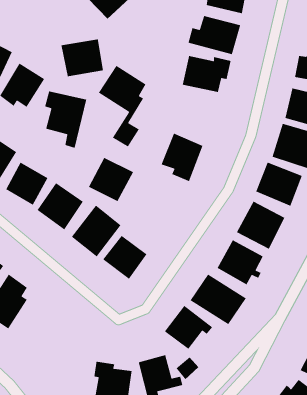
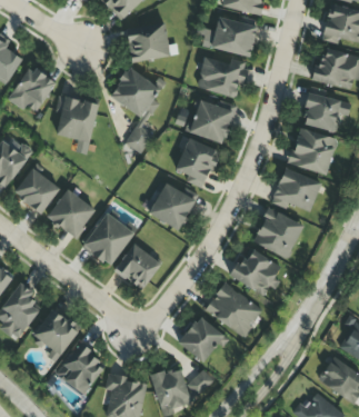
building: [61,39,104,77] -> [126,22,170,62]
building: none -> [187,99,235,143]
building: [88,157,134,202] -> [148,183,196,230]
building: none -> [31,308,80,364]
building: none -> [56,344,106,395]

